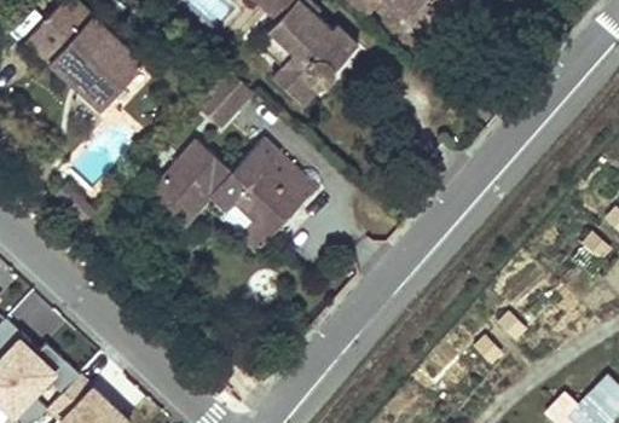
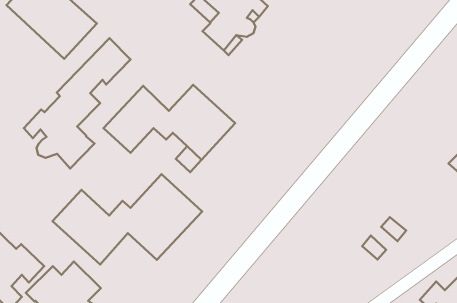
building: [193,70,251,128] -> none
building: none -> [24,38,130,168]
building: none -> [53,174,202,264]

